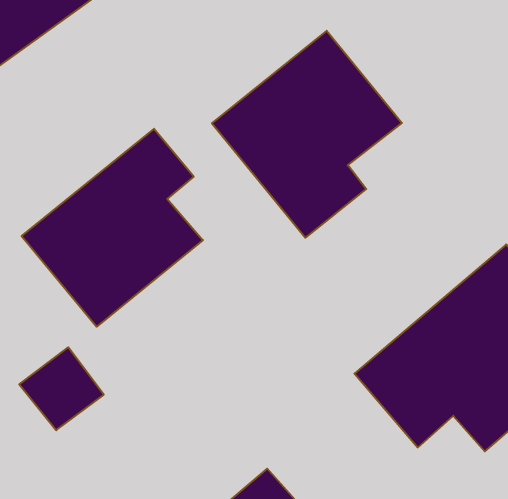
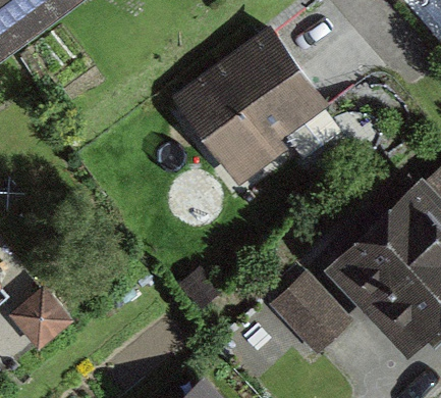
building: [22,129,203,327] -> none

